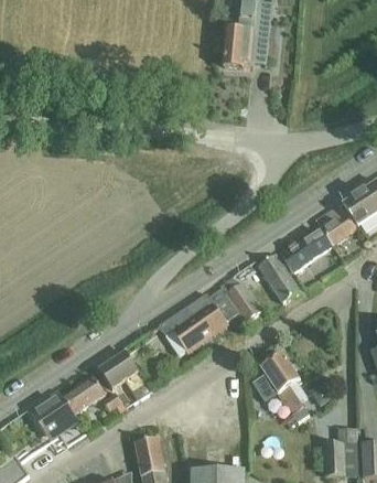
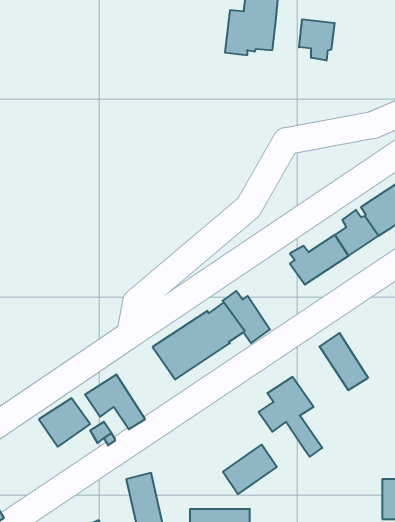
building: none -> [299,19,335,61]
building: [257,253,300,303] -> [319,333,368,390]
building: [29,389,74,433] -> none
building: none -> [223,445,277,494]
building: [324,431,355,475] -> none

